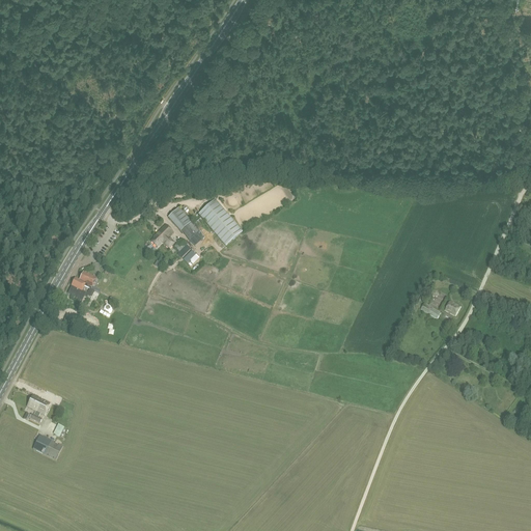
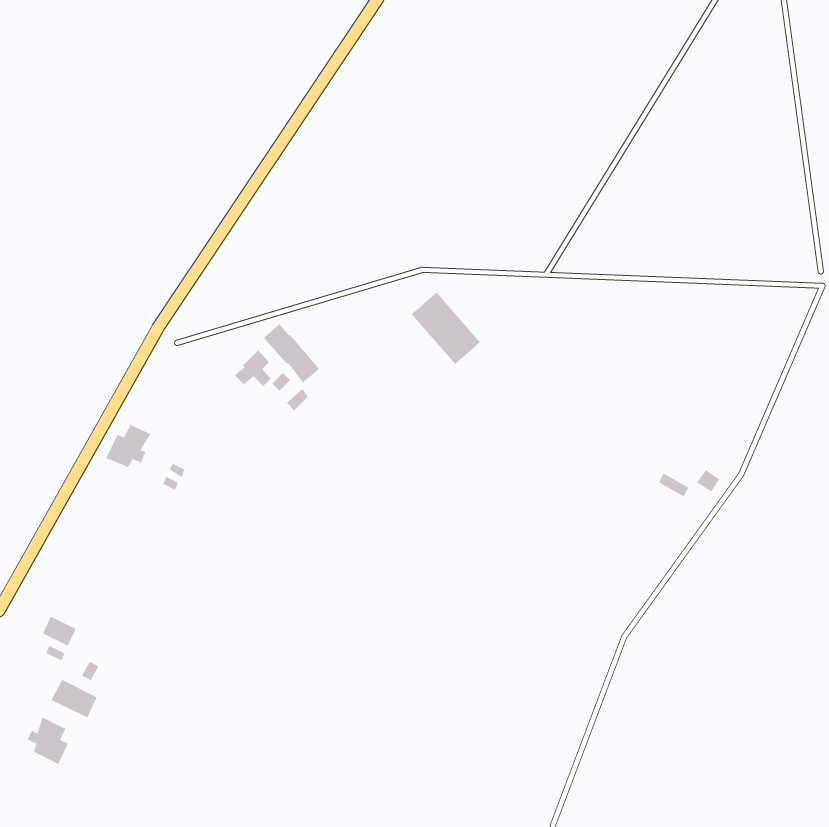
building: [197,198,242,245] -> [411,292,481,365]
building: none -> [27,717,69,765]

